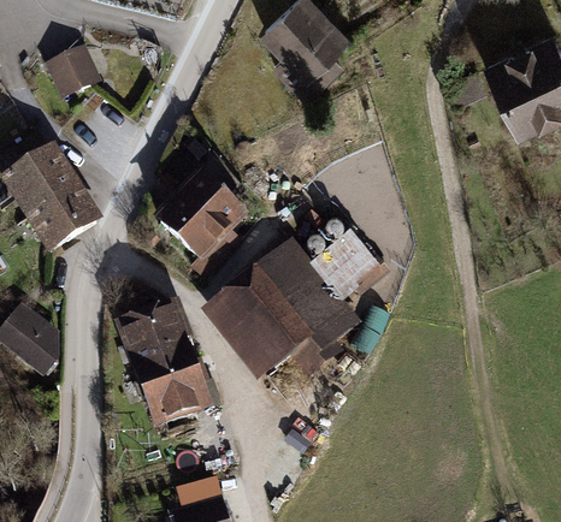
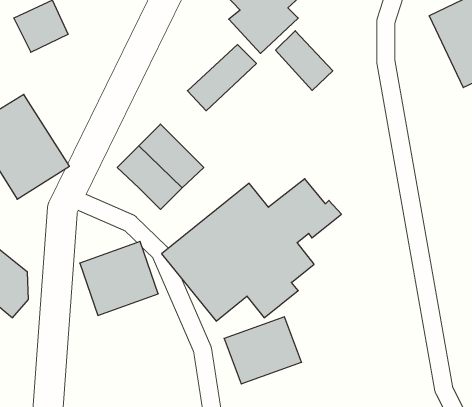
building: none -> [276,31,333,90]
building: none -> [187,45,256,111]
building: [132,354,214,425] -> [224,317,302,384]

